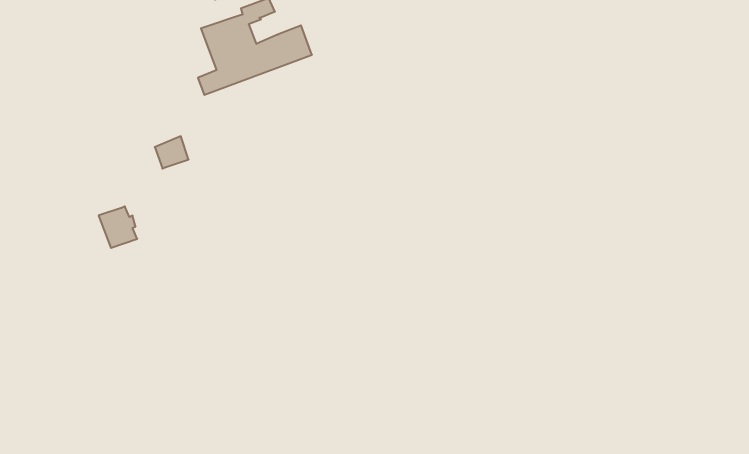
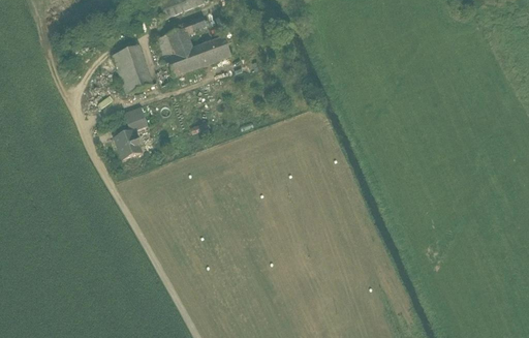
building: none -> [113,44,152,92]
building: [99,206,137,248] -> [116,129,142,157]

